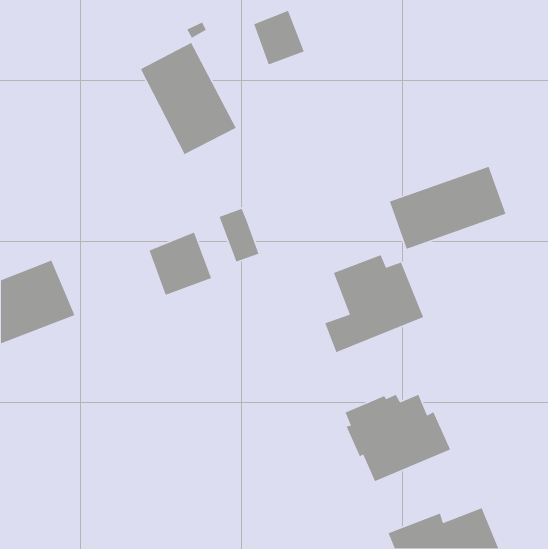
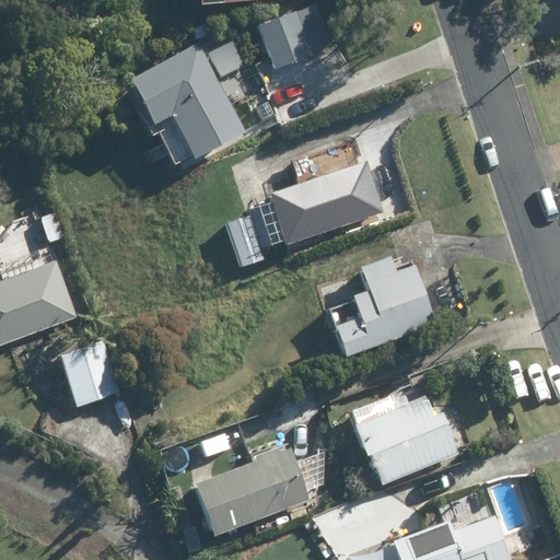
building: [389,166,506,250] -> [267,160,386,245]
building: [148,231,212,296] -> none
building: none -> [61,348,121,411]
building: none -> [191,446,307,537]

